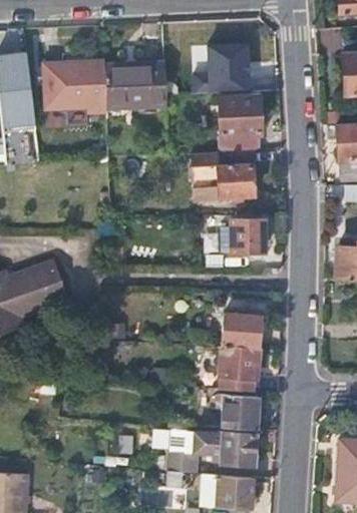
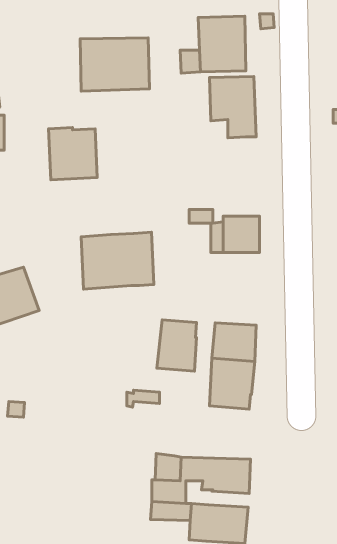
building: [44,63,87,109] -> [49,128,97,180]
building: [189,149,253,199] -> [81,232,154,289]
building: none -> [157,320,197,371]
building: [217,393,257,428] -> none

